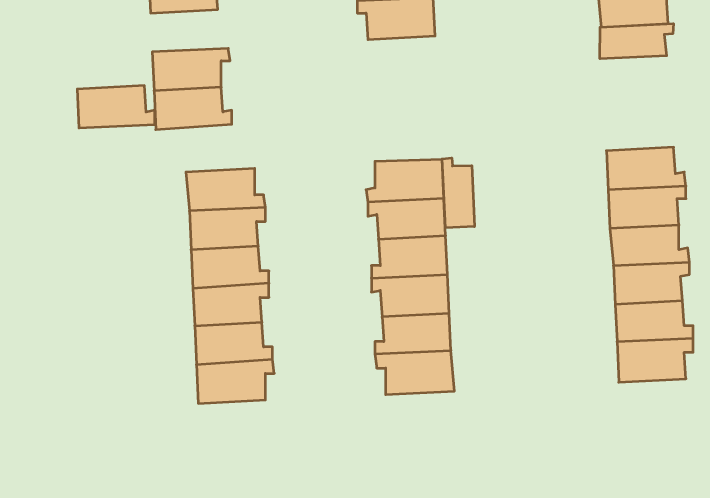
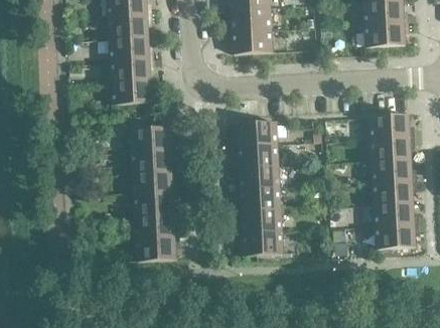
building: [600,24,673,59] -> none
building: [77,86,155,128] -> [110,35,154,59]
building: [442,158,474,228] -> none

